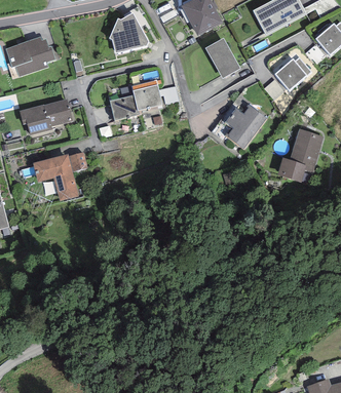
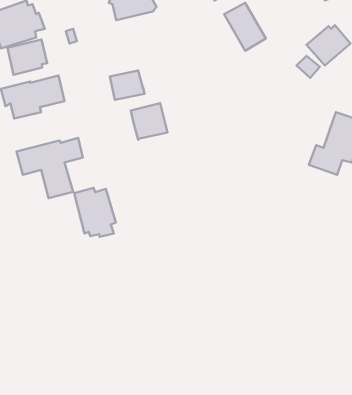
building: none -> [8,40,47,75]
building: [131,79,162,110] -> [131,103,168,140]
building: [225,104,267,149] -> none
building: none -> [74,188,116,237]

